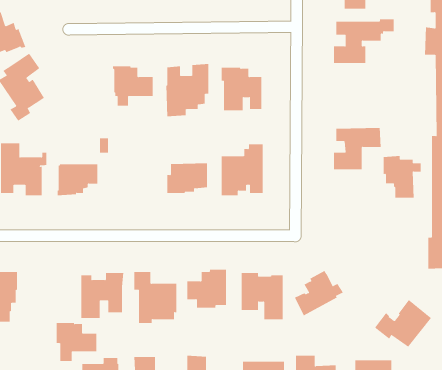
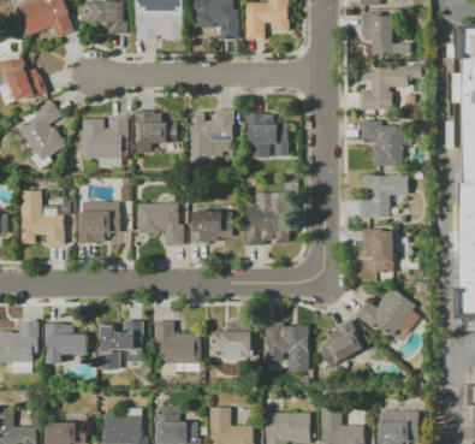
building: none -> [82,117,126,166]
building: none -> [360,122,402,166]
building: [383,156,422,198] -> [361,229,400,272]
building: none -> [137,203,183,245]
building: [374,299,432,348] -> [356,286,415,336]
building: [56,322,97,361] -> [43,324,85,363]

